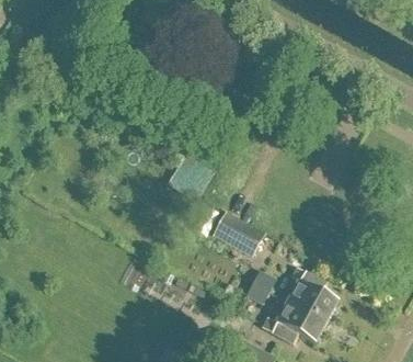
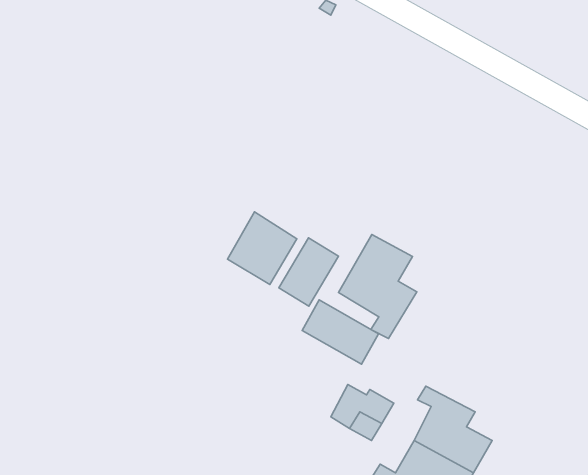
building: none -> [339,234,417,338]
building: none -> [279,238,339,306]

